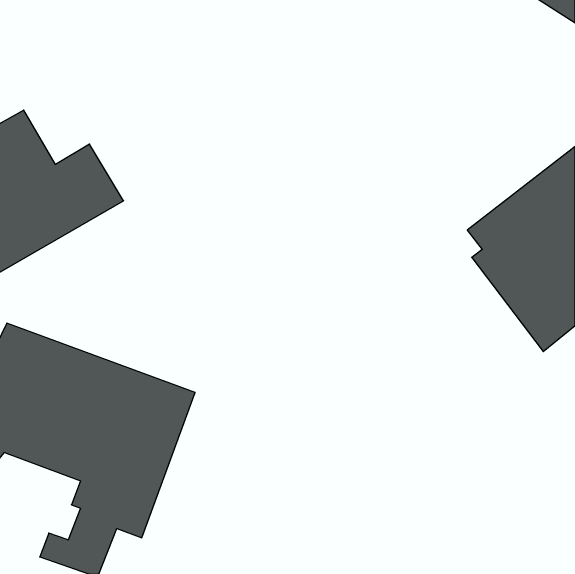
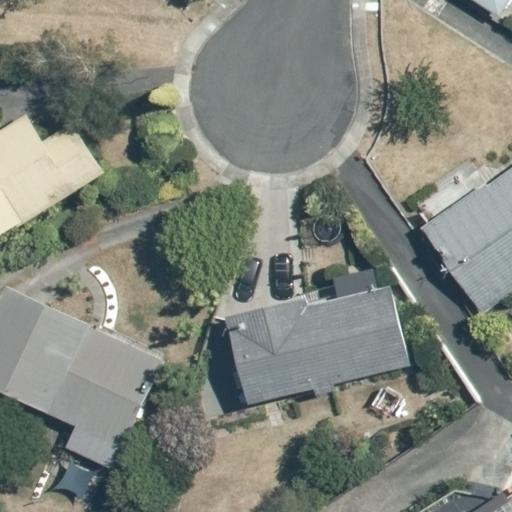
building: none -> [226,289,405,406]

